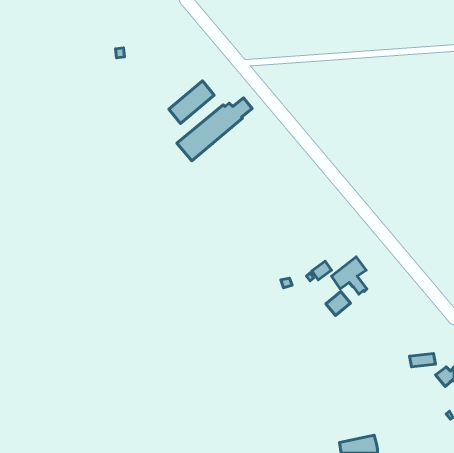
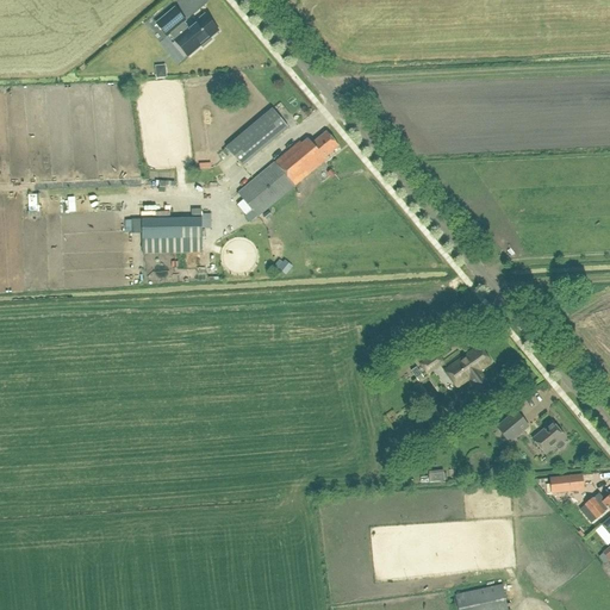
building: none -> [156,7,218,55]
building: none -> [142,218,201,253]
building: [326,291,351,315] -> [496,410,529,442]
building: none -> [531,422,564,453]

